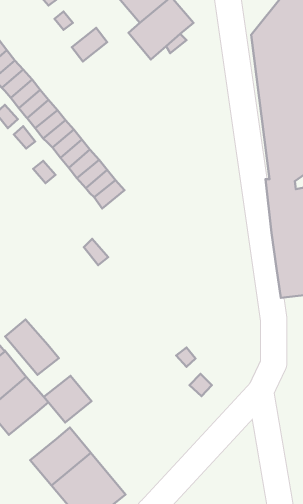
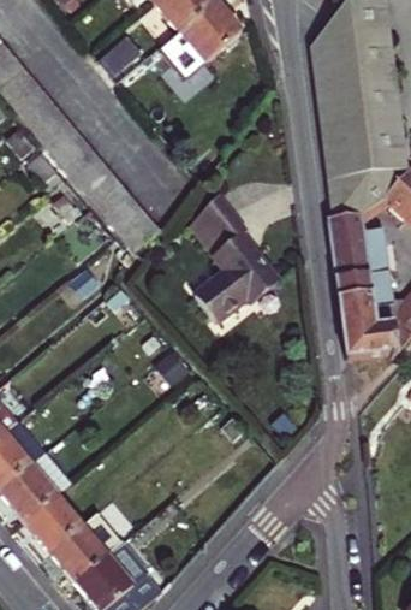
building: none -> [190,194,278,321]
building: [5,319,59,375] -> none
building: [44,376,92,422] -> [23,494,79,550]

